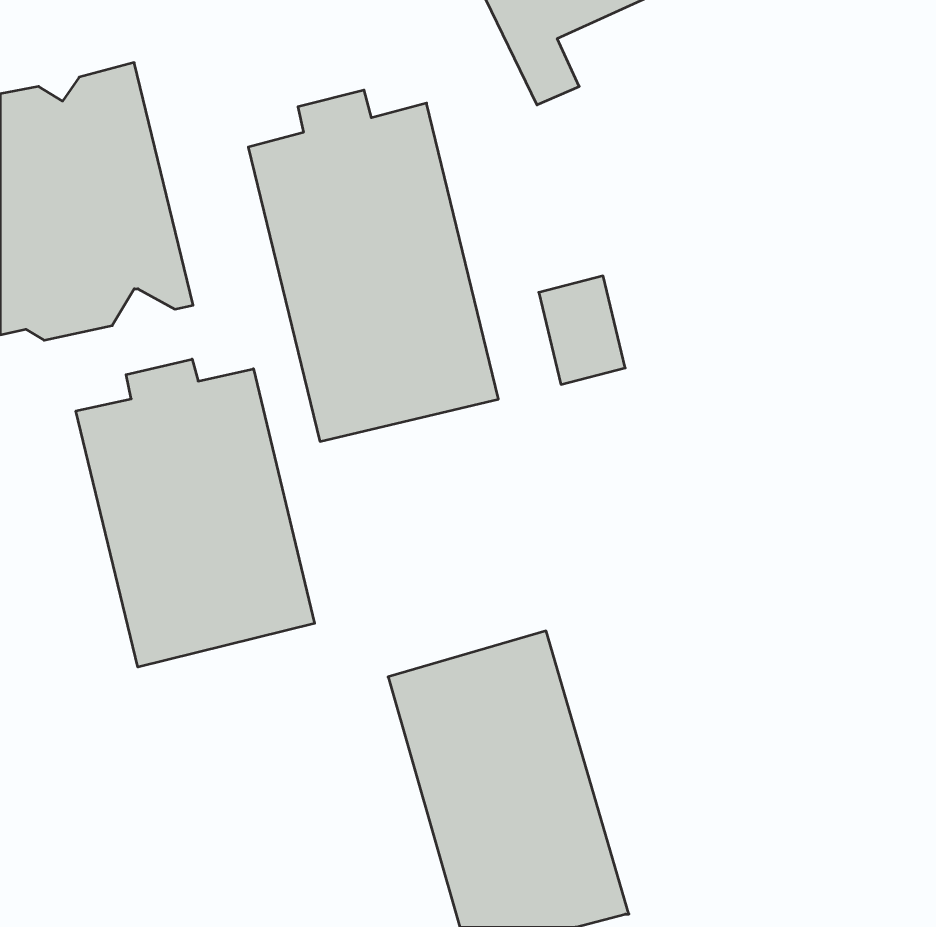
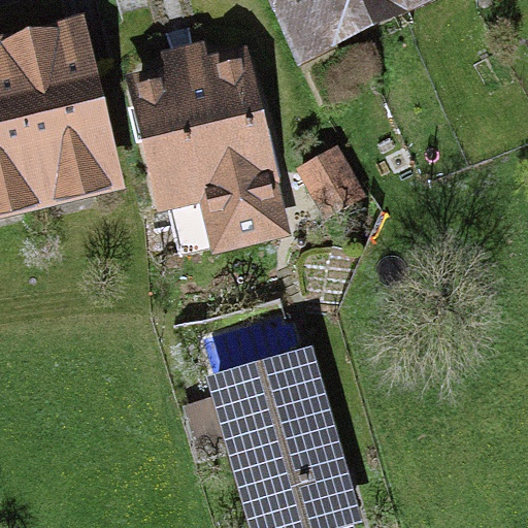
building: [76,359,315,667] -> none

